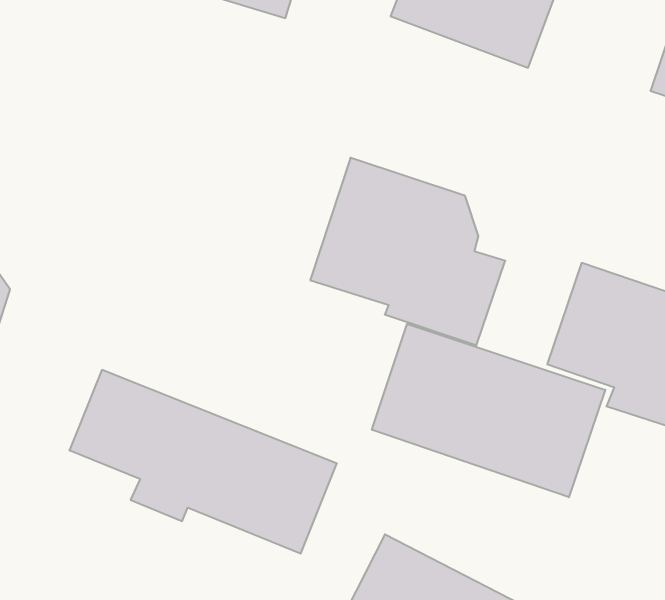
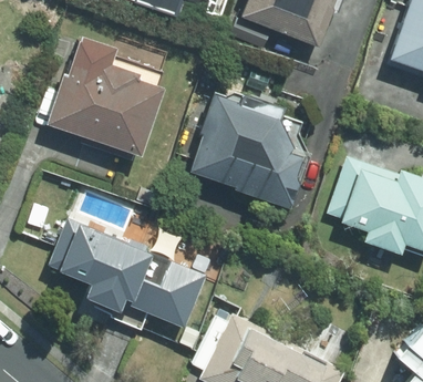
building: none -> [47,38,163,155]
building: [372,324,605,497] -> none

